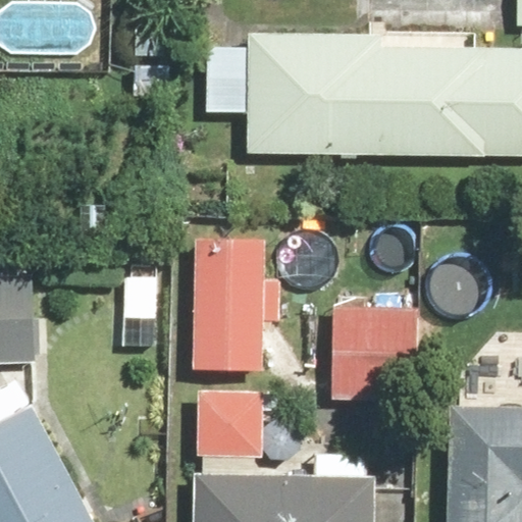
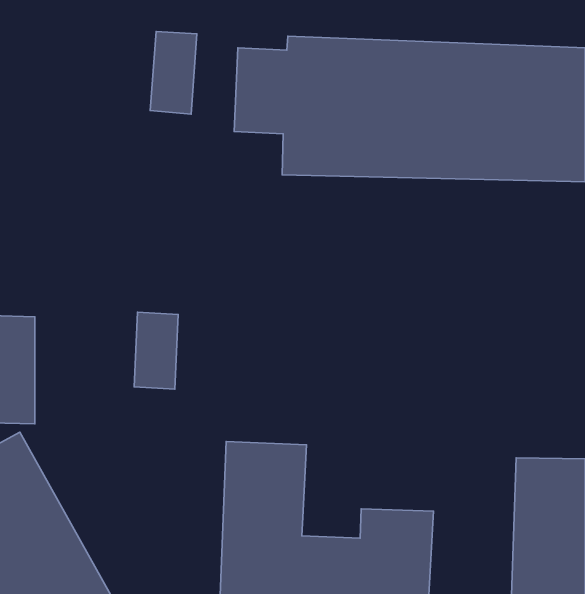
building: [193,236,270,373] -> none
building: [328,302,421,404] -> none

